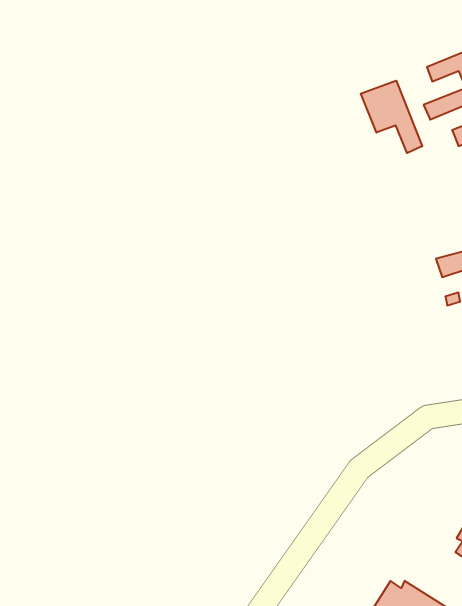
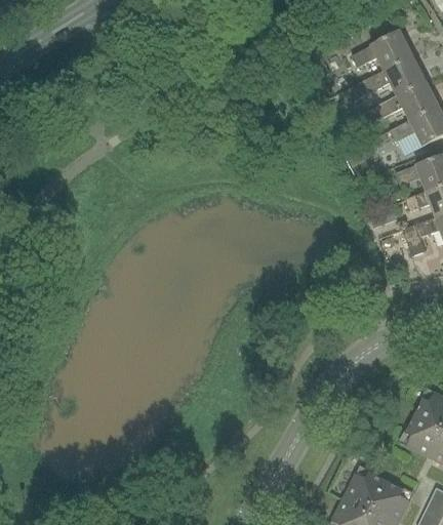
building: [361,81,422,153] -> none

